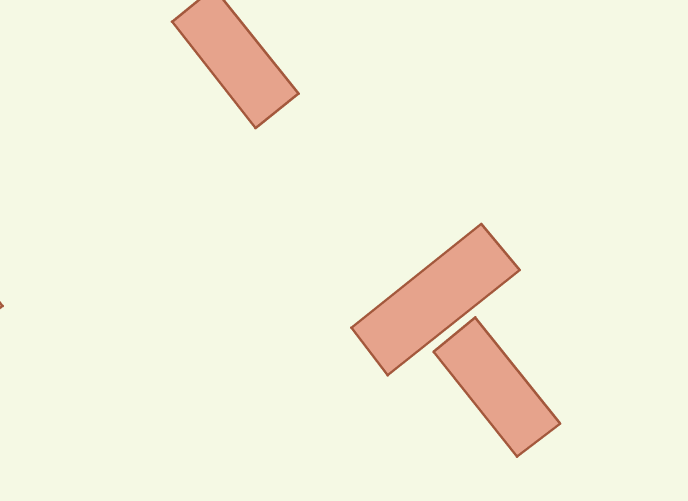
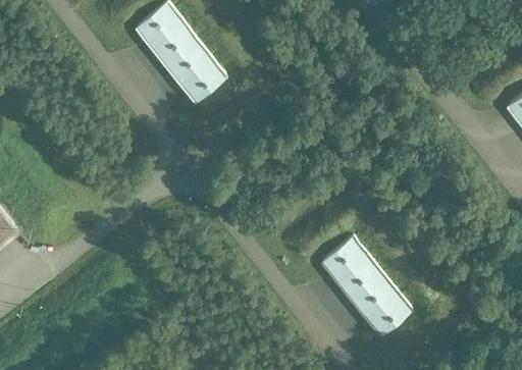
building: [351,224,520,375] -> none

